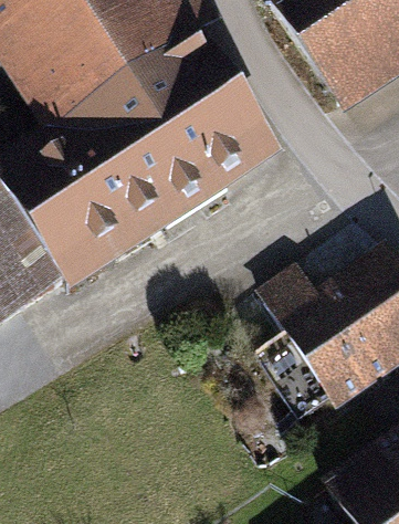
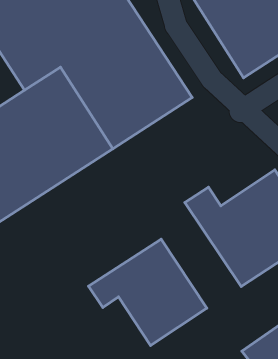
building: none -> [89,239,207,346]

